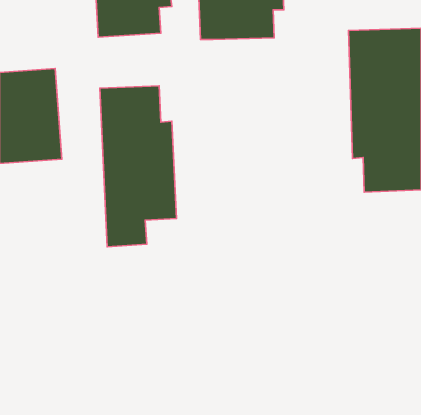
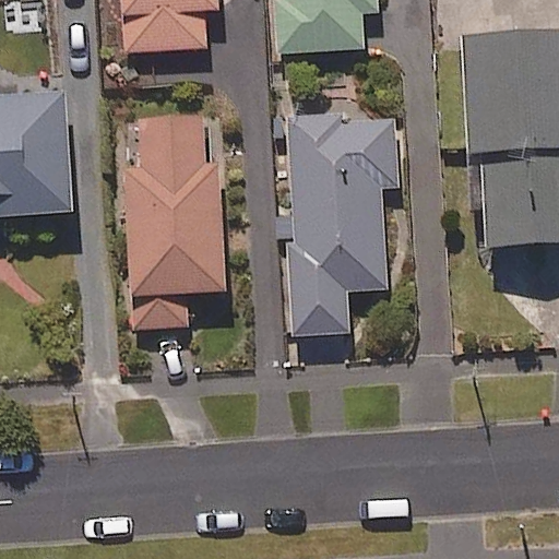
building: none -> [285,112,399,335]

